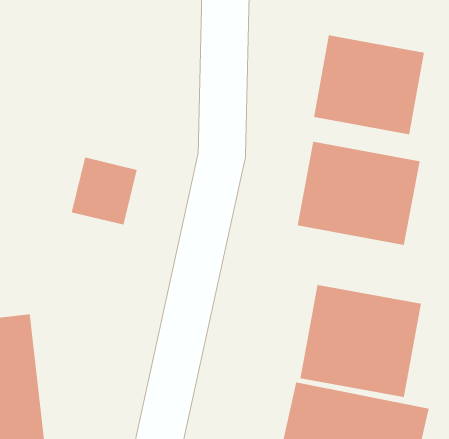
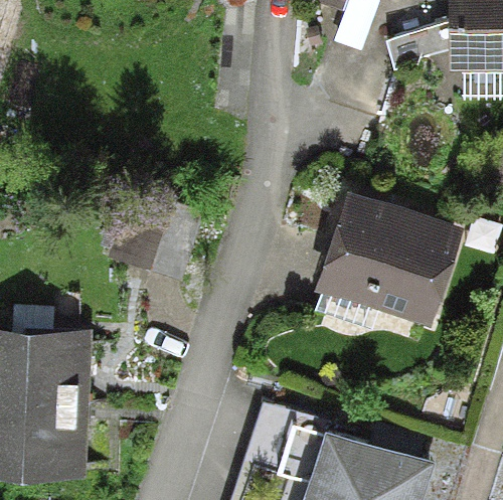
building: [313,35,424,135] -> none
building: [300,284,422,398] -> none

